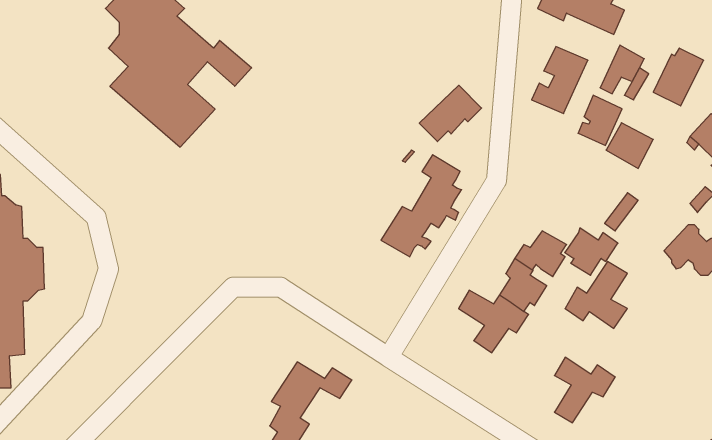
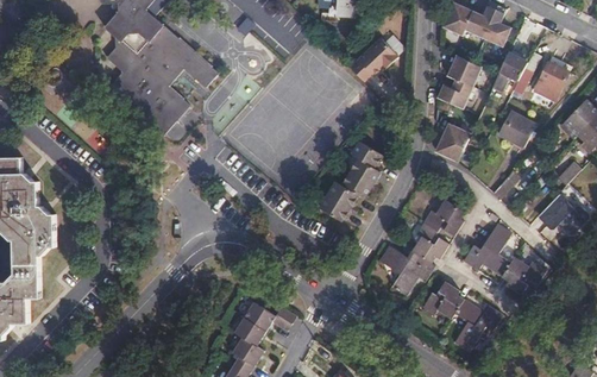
building: [419,85,482,142] -> [350,38,398,82]
building: [578,95,622,145] -> [435,122,470,162]
building: [565,228,618,275] -> [501,257,542,294]
building: none -> [422,281,463,318]

